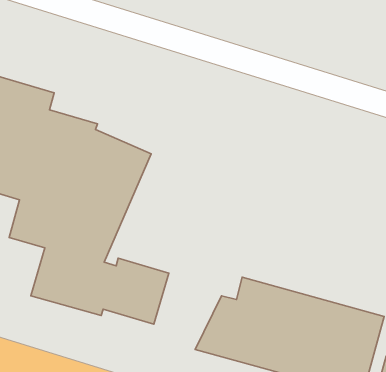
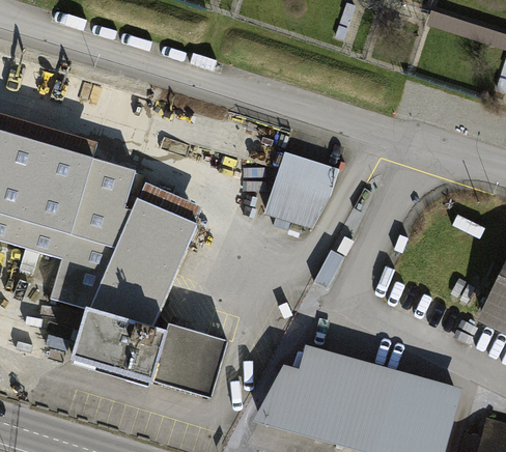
building: none -> [261,151,341,226]

